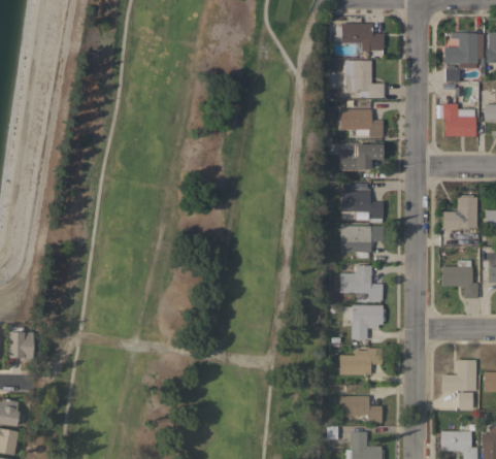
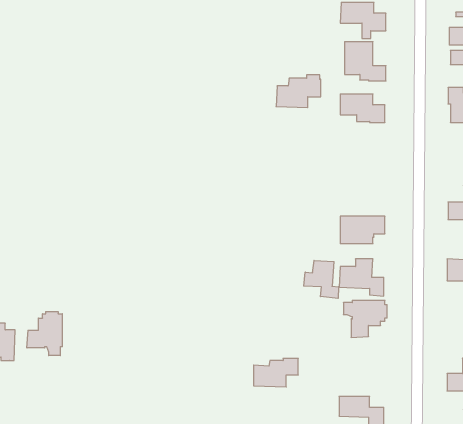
building: [341,140,384,171] -> [276,75,321,108]
building: [341,192,384,223] -> none
building: none -> [304,260,338,298]
building: none -> [27,312,62,356]
building: [340,349,383,375] -> [254,358,298,387]

